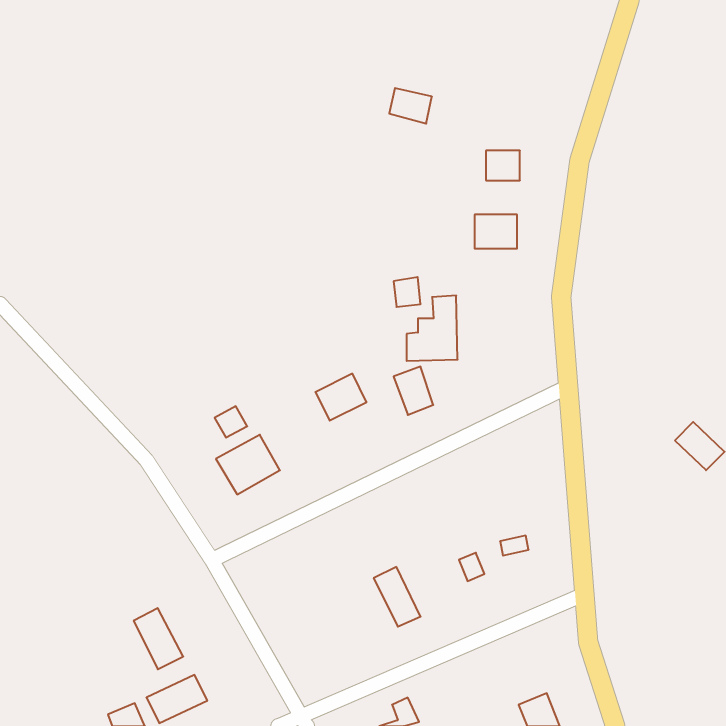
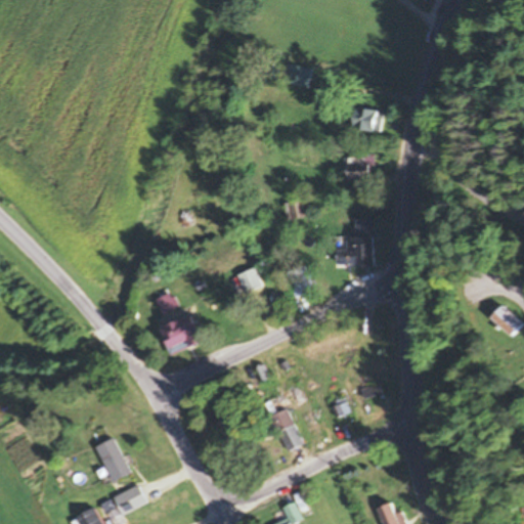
building: [407,296,458,361] -> [337,220,374,267]

